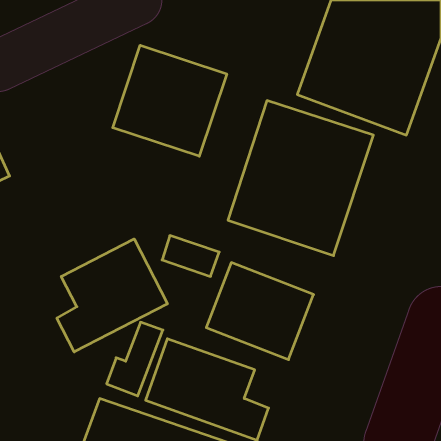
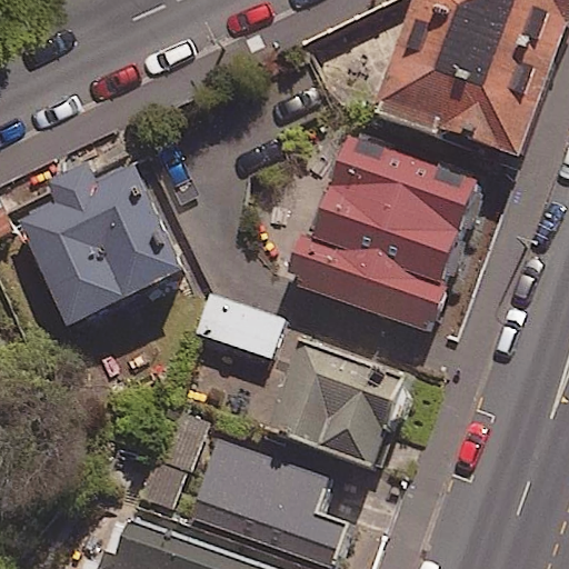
building: [113,45,227,156] -> none
building: none -> [11,160,182,325]
building: [57,239,167,352] -> none

